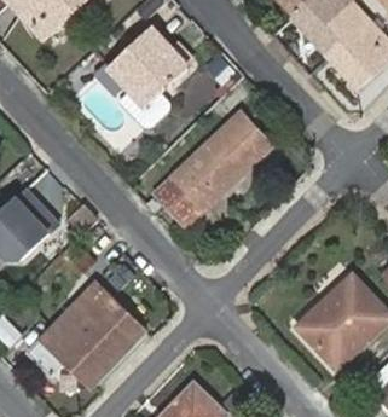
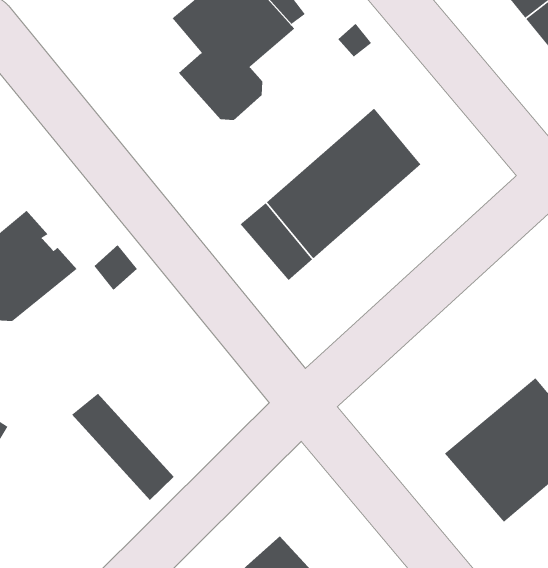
building: [76,284,145,351] -> none
building: [27,315,112,386] -> none

